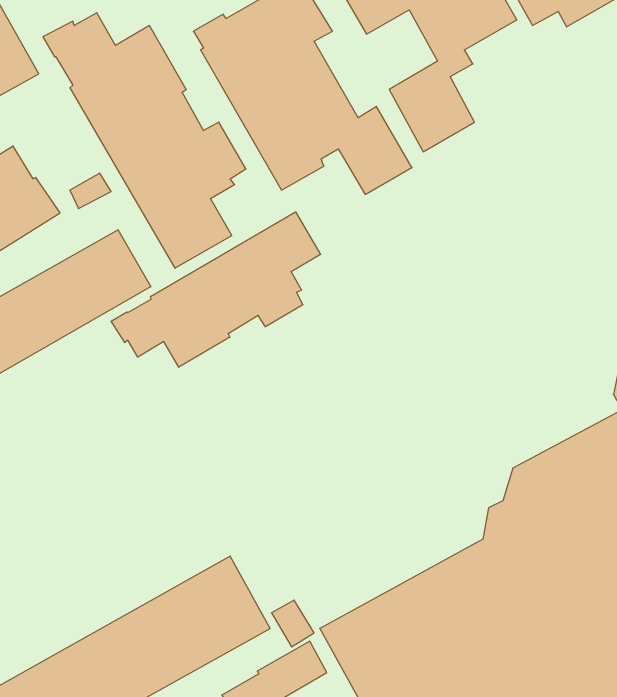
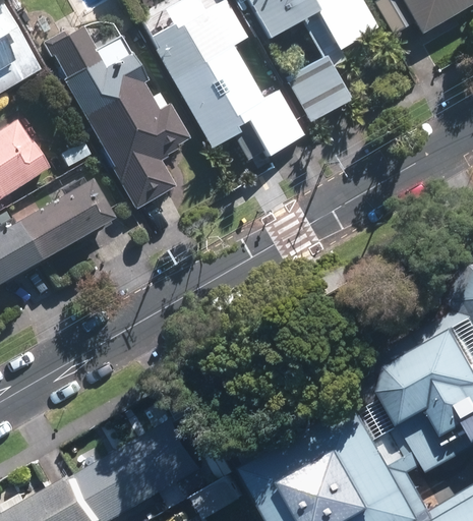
building: [111,212,321,367] -> none

